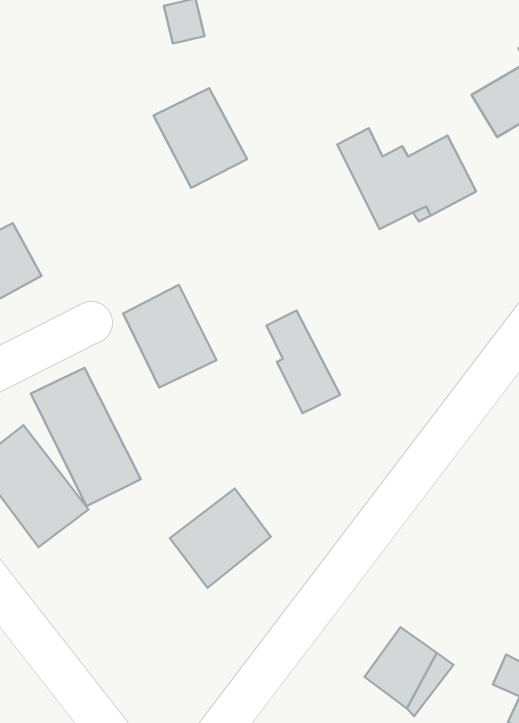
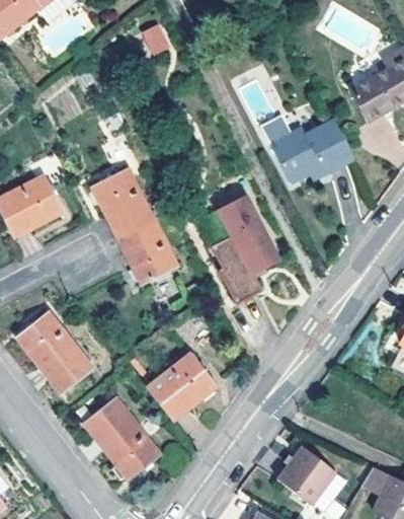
building: [153,88,247,188] -> [90,169,153,236]
building: none -> [218,194,280,274]
building: [31,368,141,506] -> none
building: none -> [83,398,160,479]

